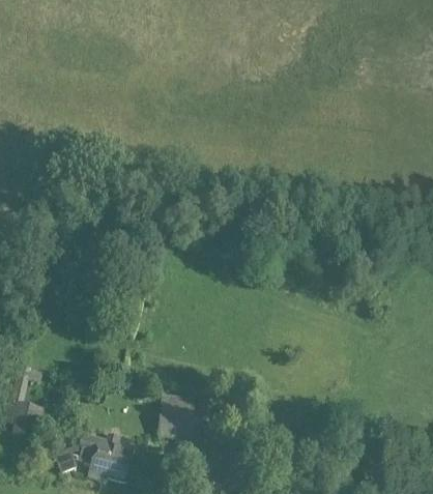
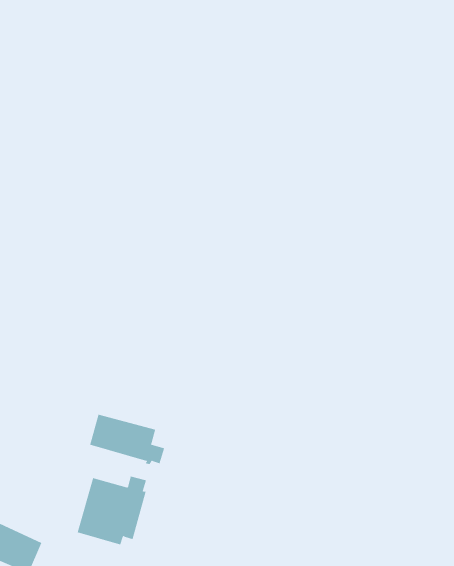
building: none -> [89,414,165,465]

